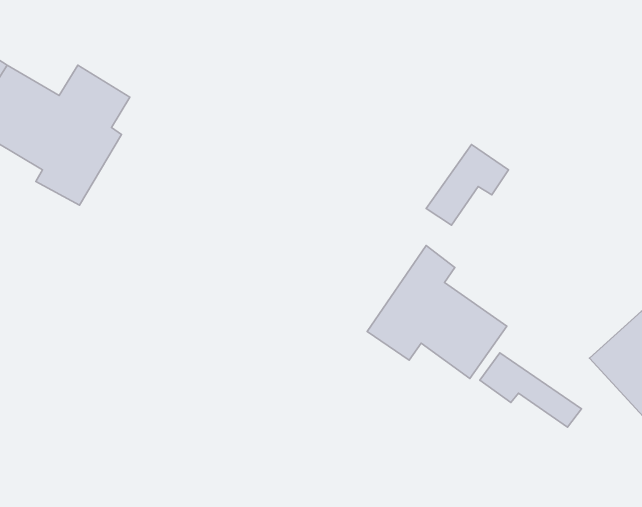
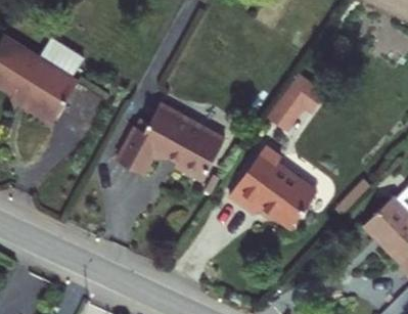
building: none -> [114,101,225,184]
building: [480,353,581,427] -> none

